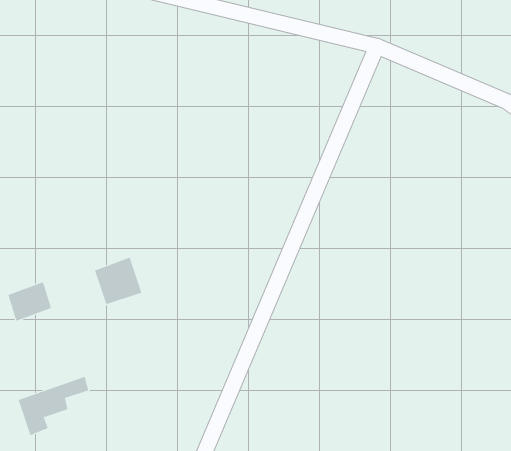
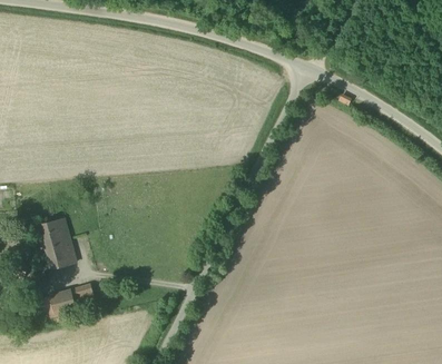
building: [94,257,142,305] -> [43,237,76,269]

